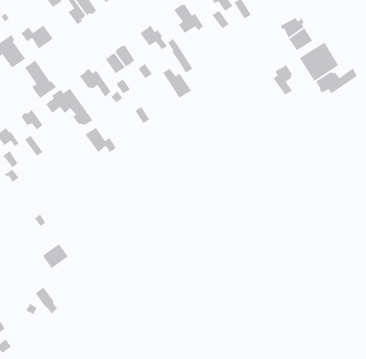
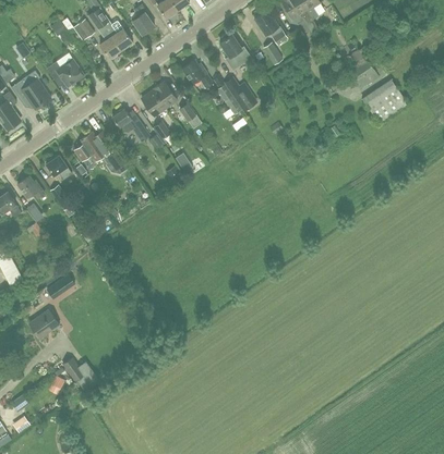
building: [24,59,57,99] -> none
building: [272,64,293,96] -> none
building: [315,68,358,95] -> none
building: [162,68,192,98] -> [225,76,259,111]
building: [85,127,117,153] -> none
building: [42,243,69,269] -> [29,308,60,338]

